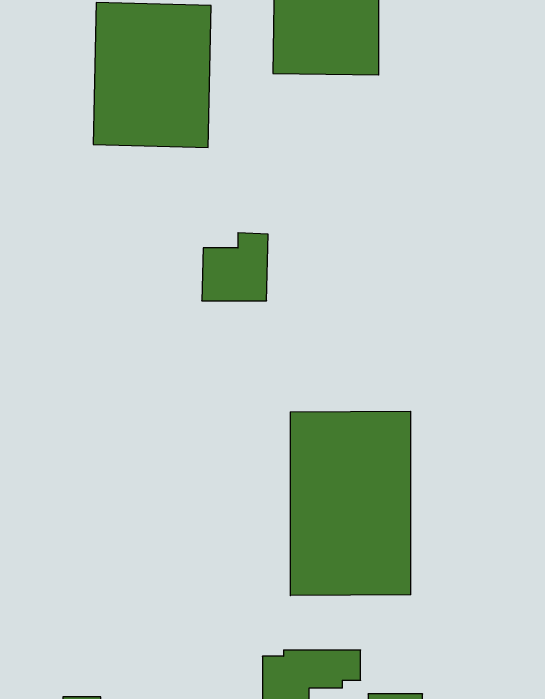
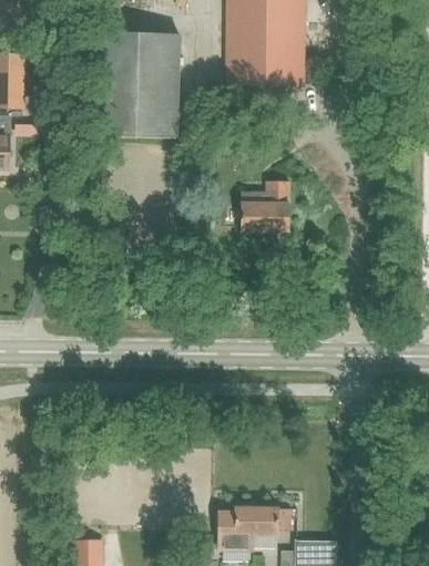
building: [202,233,268,301] -> [242,181,290,230]
building: [290,411,411,596] -> none

